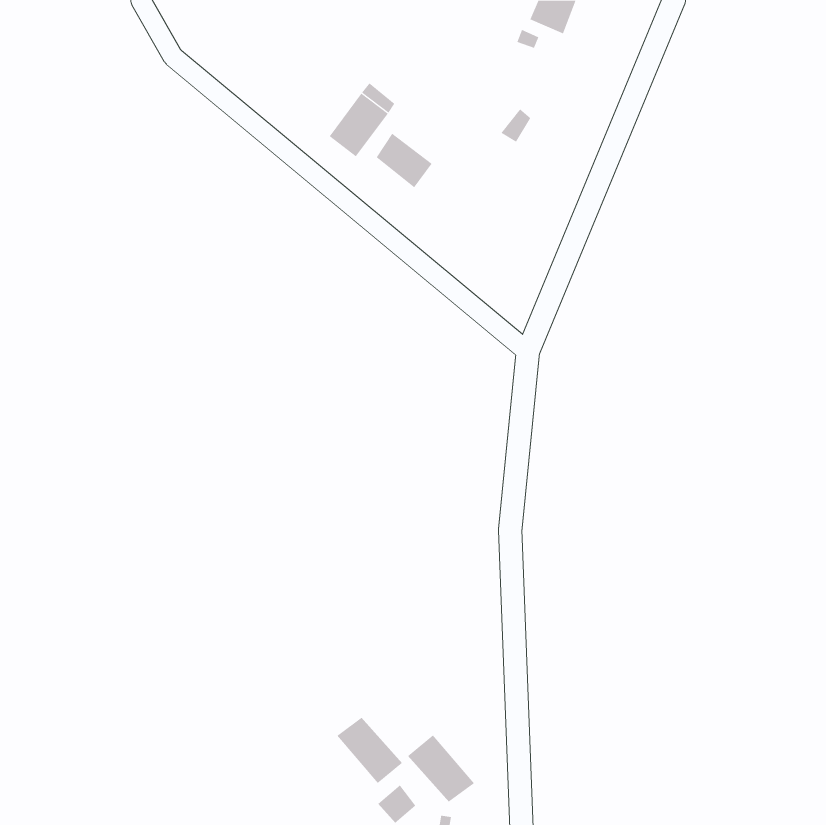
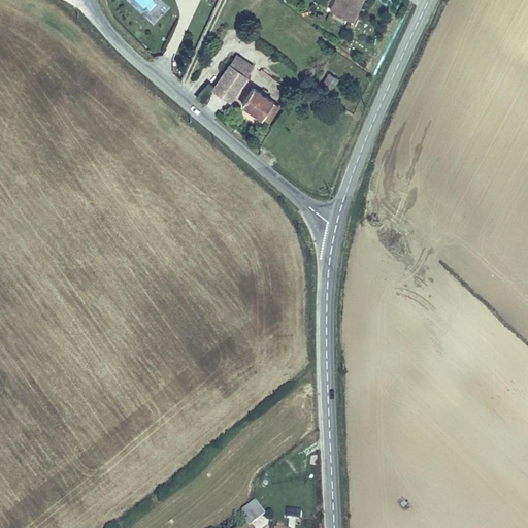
building: [336,717,403,784] -> none
building: [407,735,475,803] -> none

